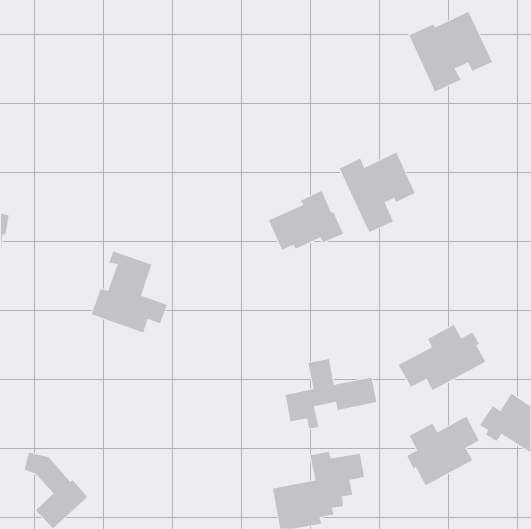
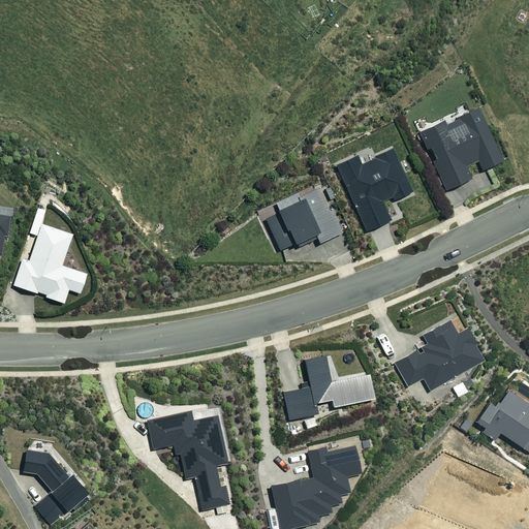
building: [409,11,493,92] -> [422,111,505,191]
building: [91,251,168,333] -> [12,221,89,303]
building: none -> [147,412,230,507]
building: [407,416,480,486] -> none

